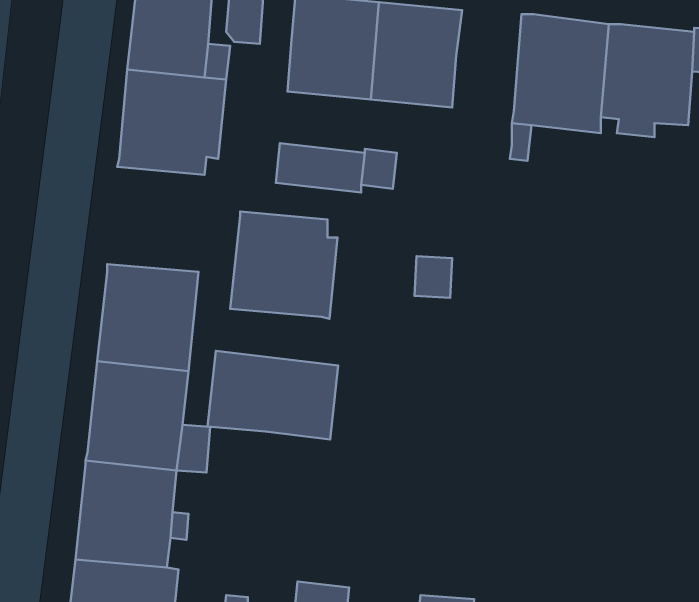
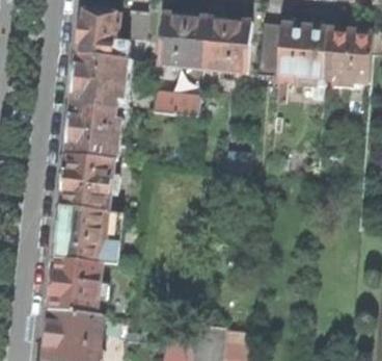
building: none -> [256,23,281,75]
building: [230,212,337,319] -> [64,104,120,160]
building: [208,351,338,440] -> none

